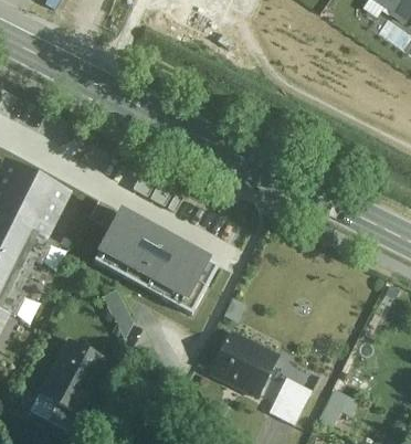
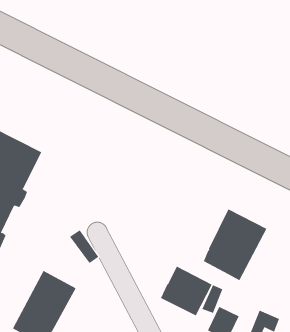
building: [94,208,217,311] -> none
building: none -> [203,209,267,281]

